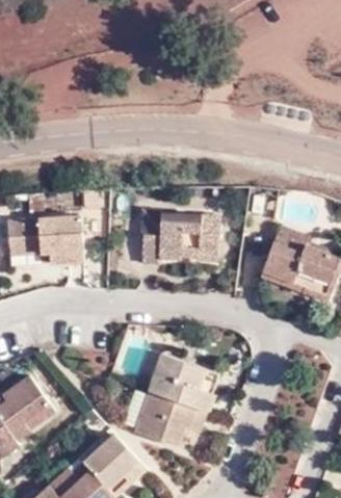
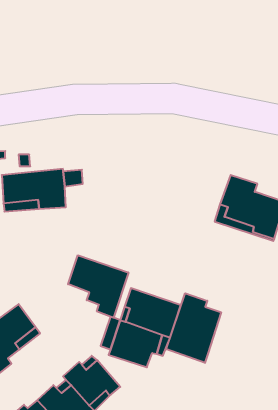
building: [140,211,217,262] -> none
building: none -> [68,255,128,318]
building: none -> [166,293,221,363]

